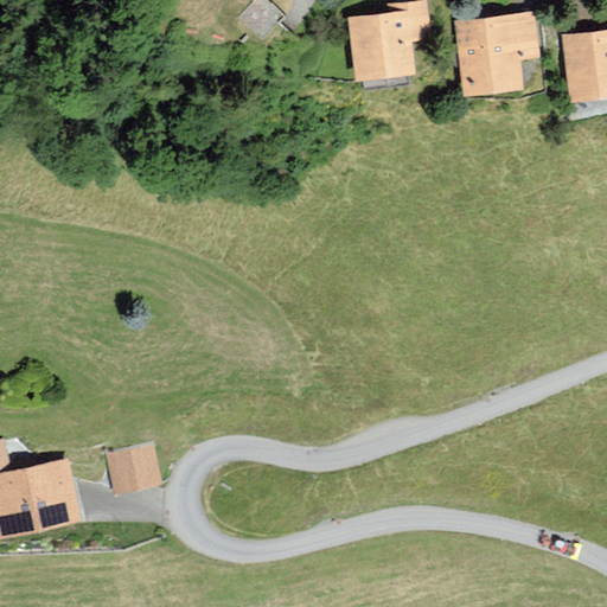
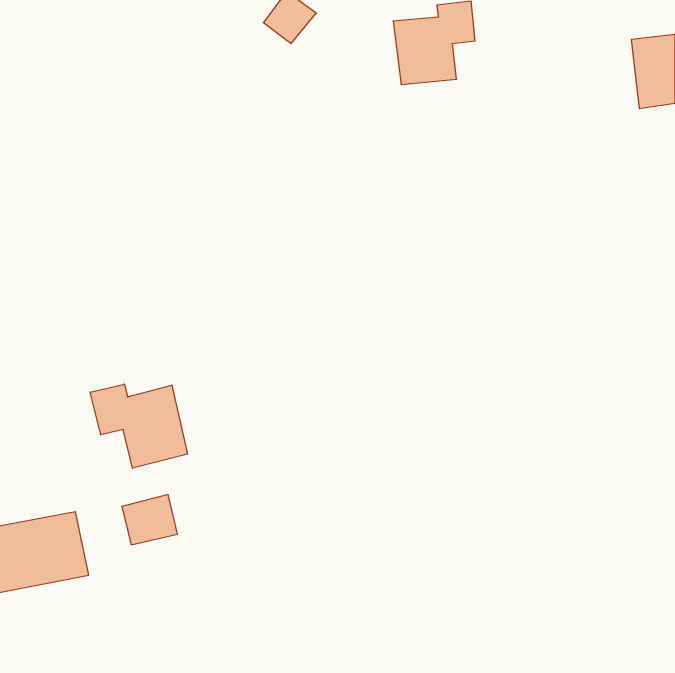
building: [455,13,537,92] -> none
building: none -> [90,384,187,468]

